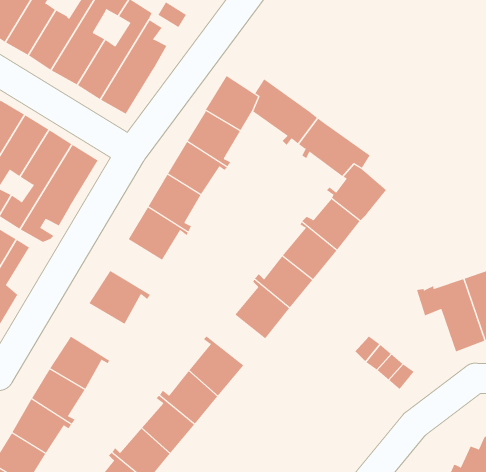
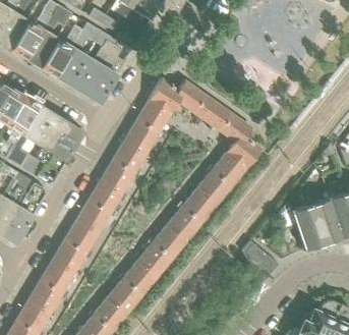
building: none -> [91,180,123,215]
building: none -> [66,220,100,256]
building: none -> [151,227,187,259]

